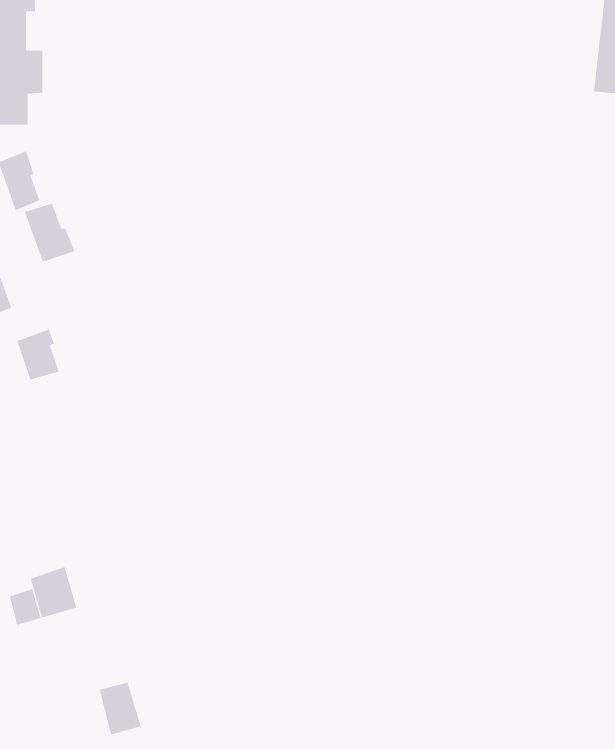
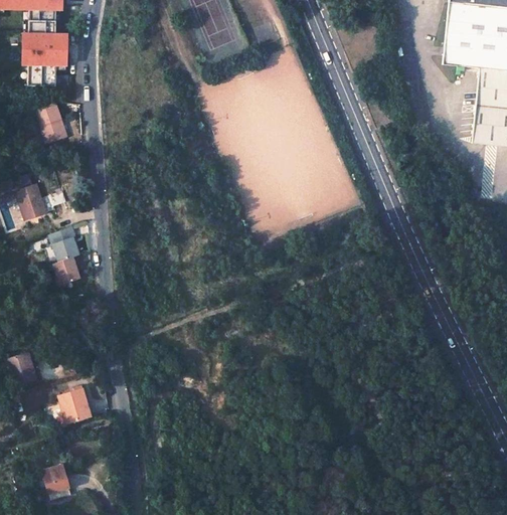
building: [24,203,75,262] -> none
building: none -> [52,255,78,284]
building: [99,682,142,735] -> [42,464,71,500]

